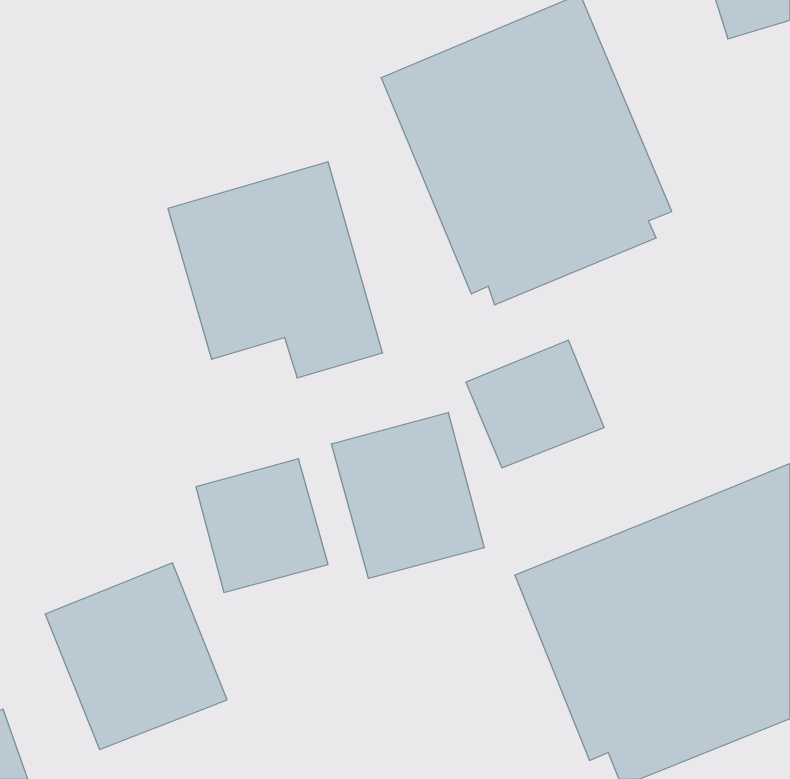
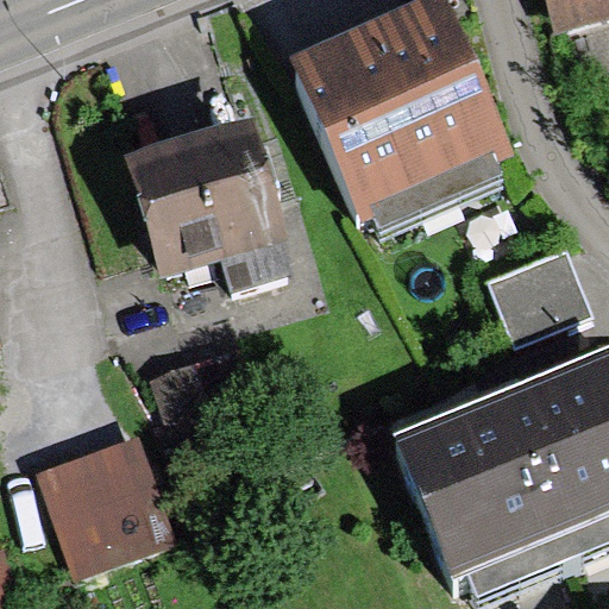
building: [466,340,604,468] -> [485,246,591,344]
building: [331,412,484,578] -> none

